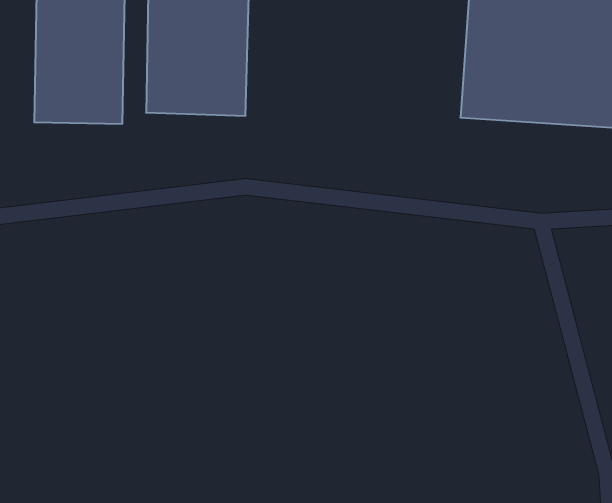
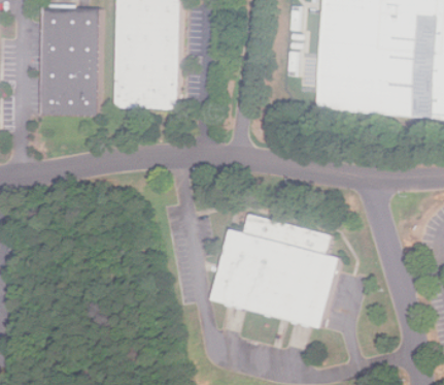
building: none -> [209,215,336,326]

